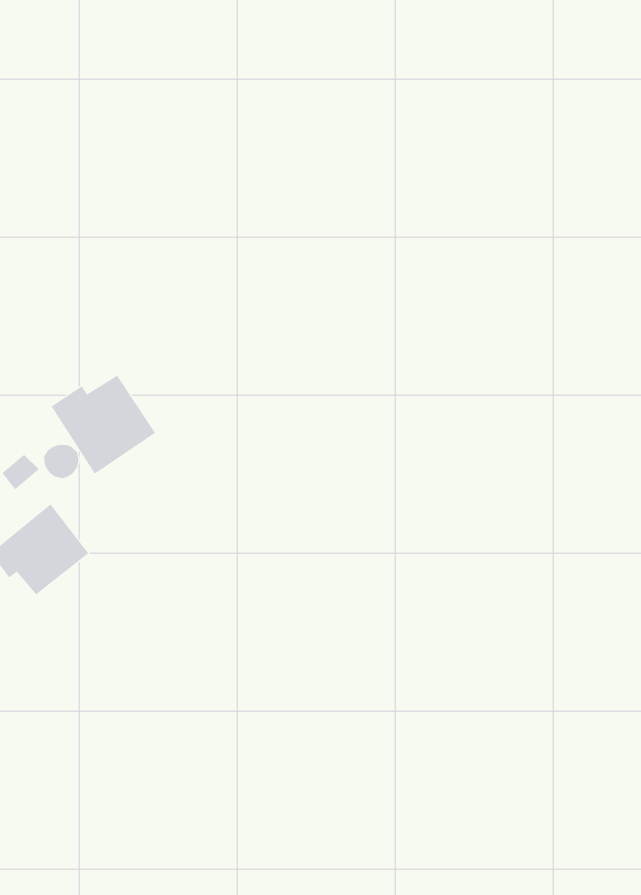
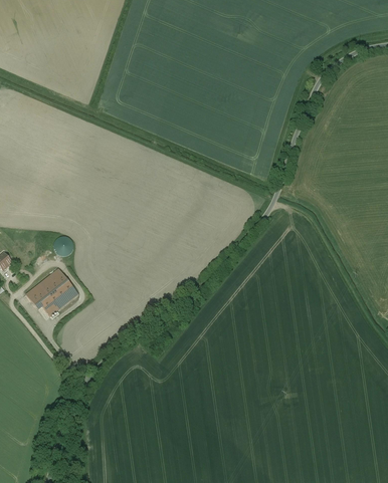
building: [51,375,156,475] -> none

